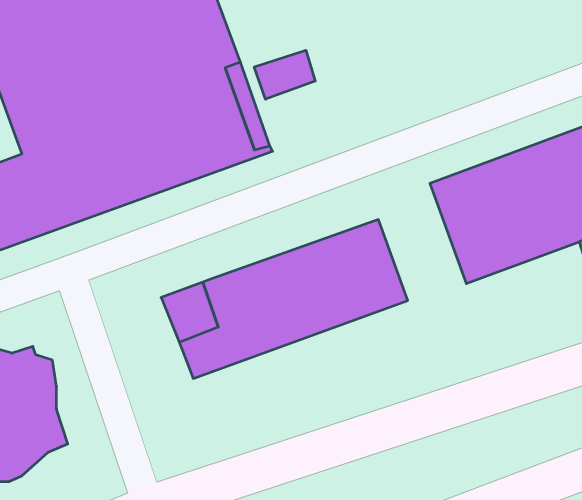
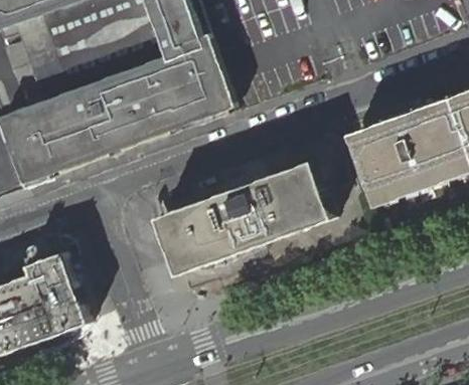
building: [254,50,315,99] -> none

